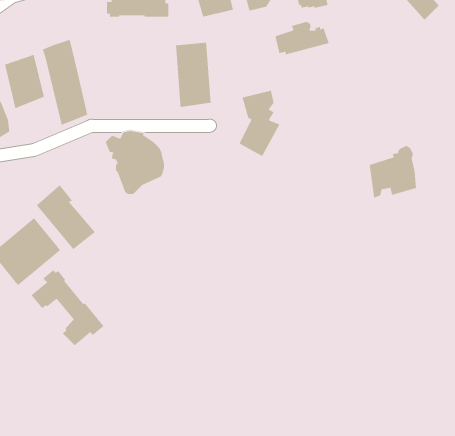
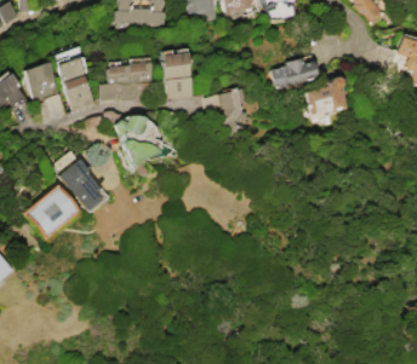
building: [274,21,330,55] -> [270,58,315,86]
building: none -> [105,54,160,99]
building: [369,145,417,199] -> [314,69,353,112]
building: [31,269,105,346] -> none

